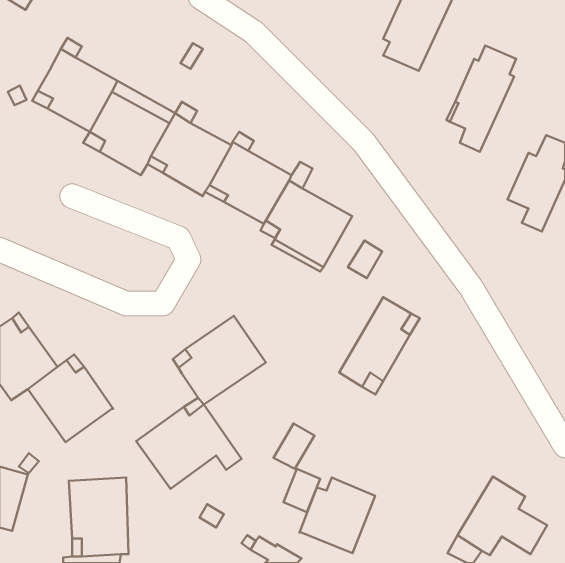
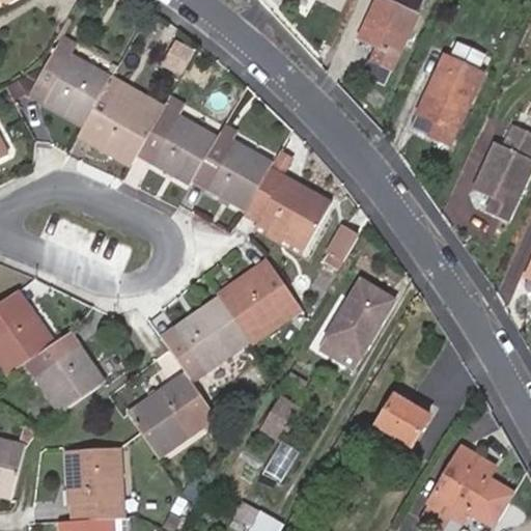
building: none -> [219,263,299,339]
building: none -> [375,395,426,444]
building: [300,477,375,553] -> none

